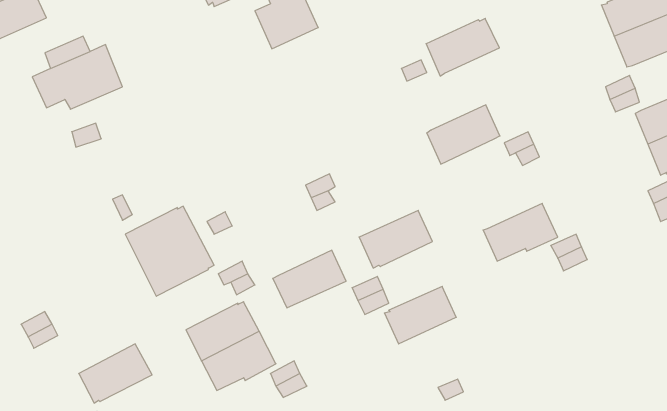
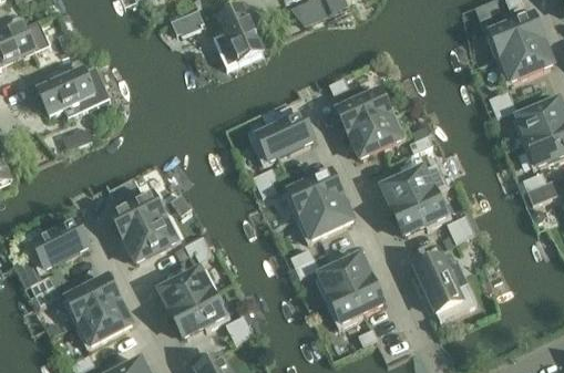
building: [426,18,499,76] -> [337,89,394,134]
building: none -> [247,114,312,163]
building: none -> [381,165,439,210]
building: none -> [20,221,89,271]
building: [273,250,346,308] -> [284,170,341,216]
building: none -> [414,256,475,319]
building: none -> [62,276,119,323]
building: none -> [326,279,382,327]

